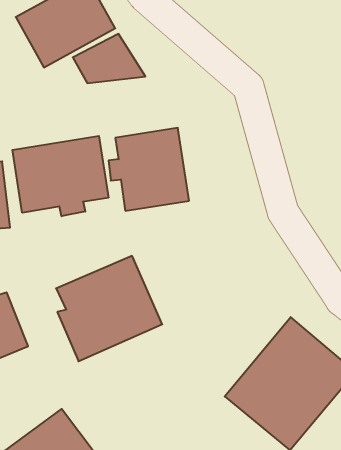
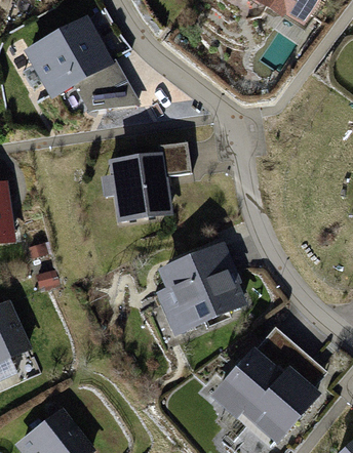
building: [12,136,108,216] -> none
building: [56,256,162,361] -> [152,240,249,336]

